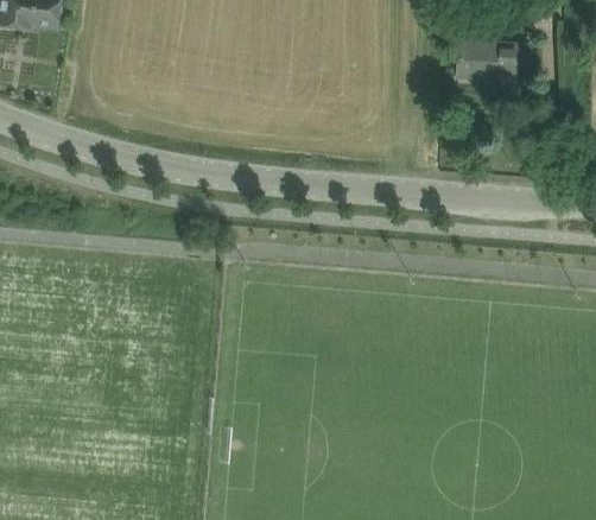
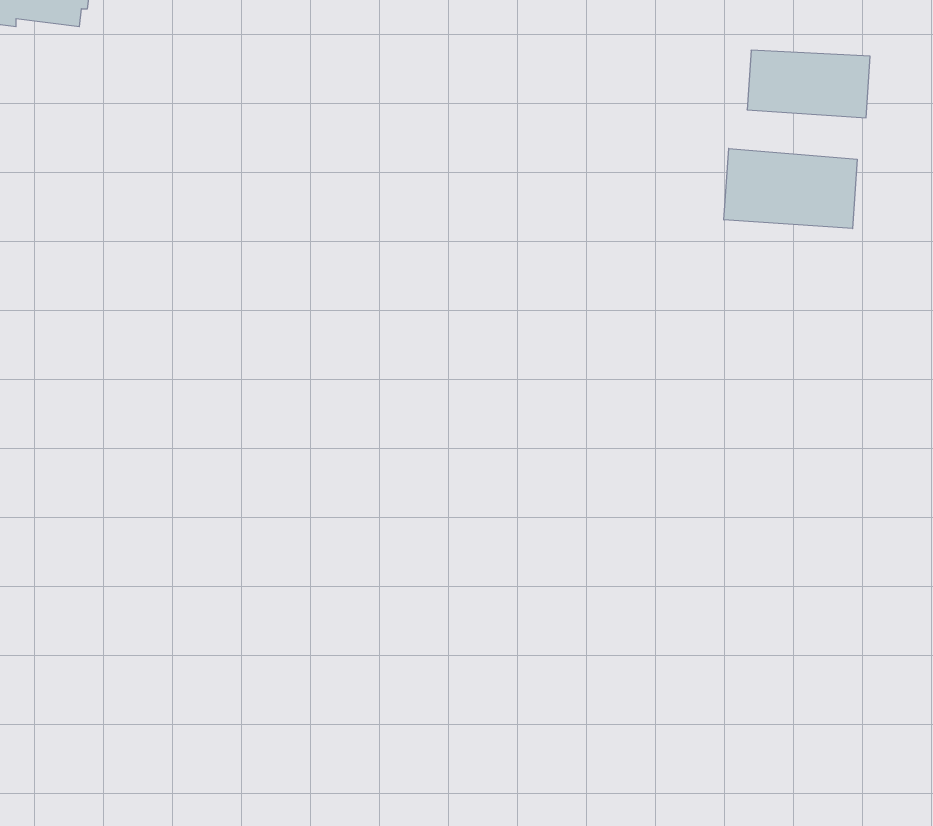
building: none -> [724,148,857,229]

